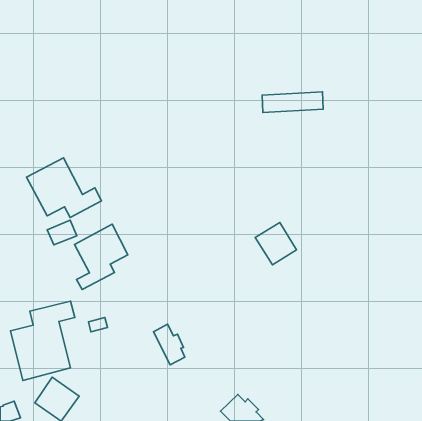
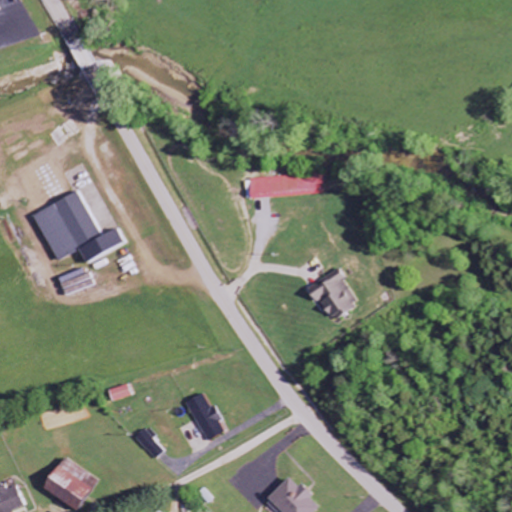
building: [262,92,323,112] -> [248,173,322,198]
building: [74,224,128,290] -> none
building: [11,301,75,381] -> none

